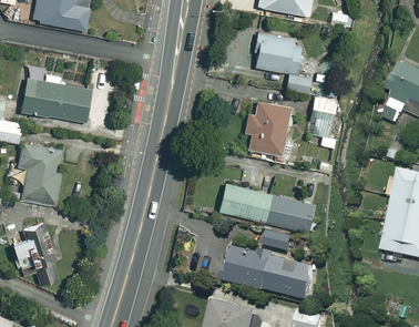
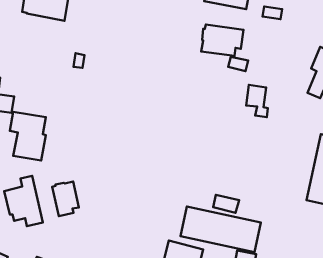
building: [18,72,90,120] -> none
building: [241,99,286,153] -> none
building: [215,181,314,232] -> none
building: none -> [52,181,79,216]

